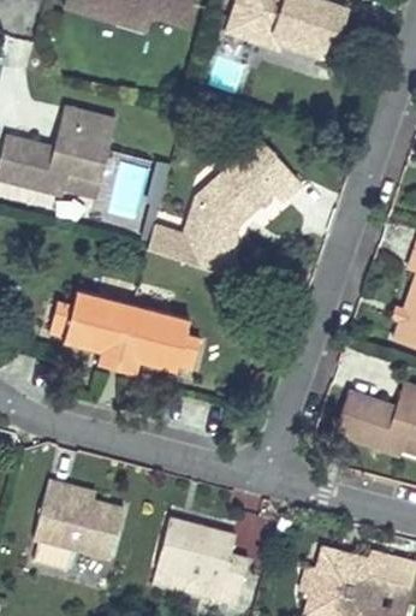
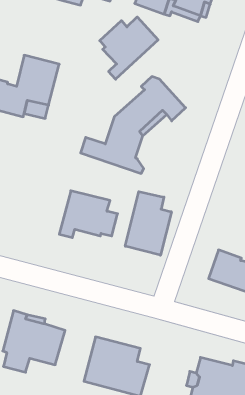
building: none -> [100,17,158,79]
building: [48,289,132,367] -> none
building: none -> [125,192,171,255]

